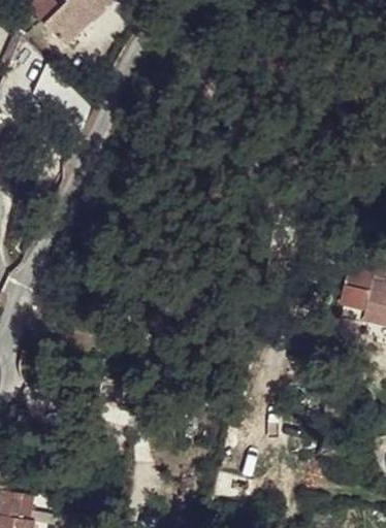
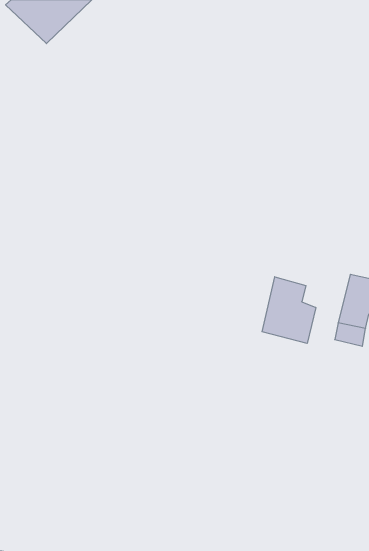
building: none -> [262,277,316,343]

